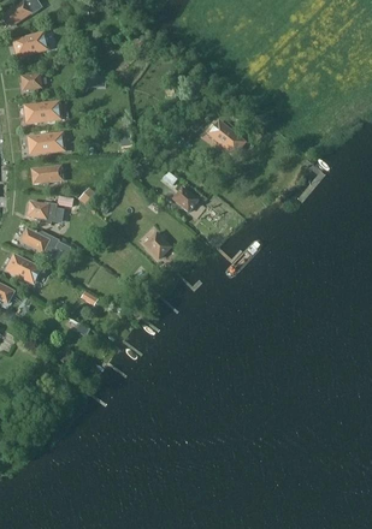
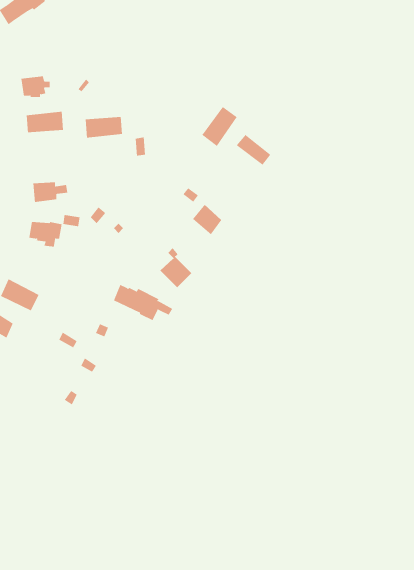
building: [11,32,46,55] -> none
building: none -> [201,106,238,147]
building: [28,133,61,153] -> [85,116,123,138]
building: [19,226,72,258] -> [113,284,173,321]

